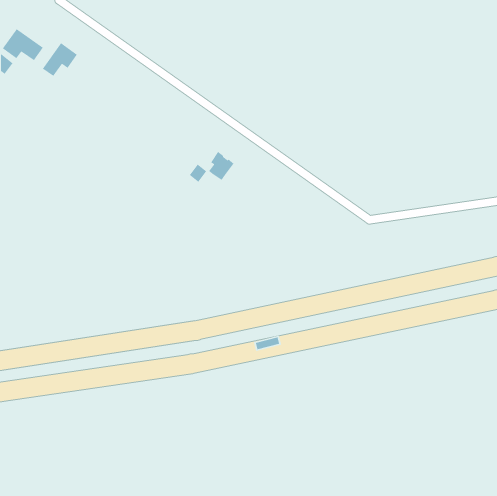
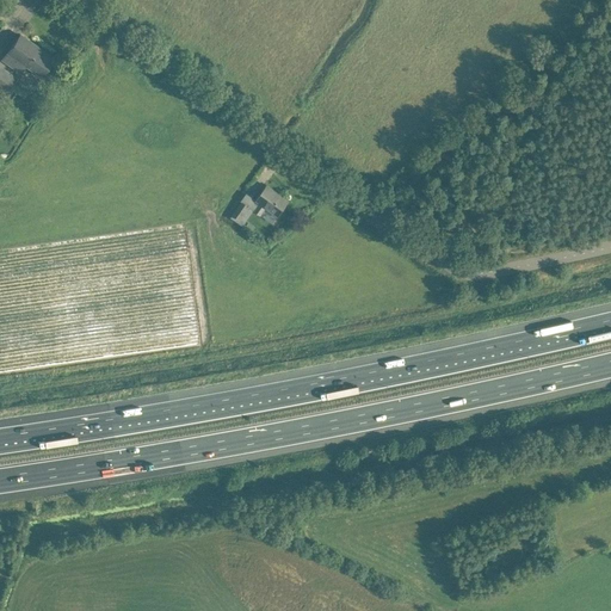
building: [42,42,78,77] -> none

